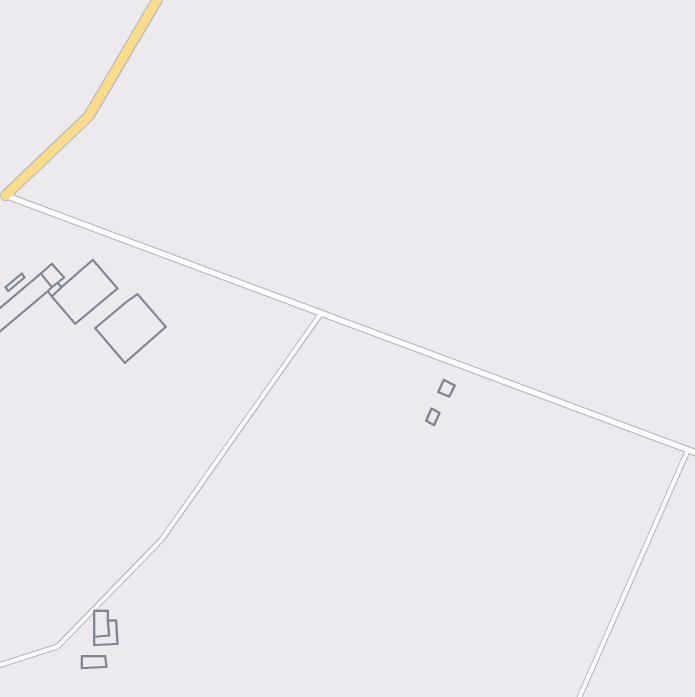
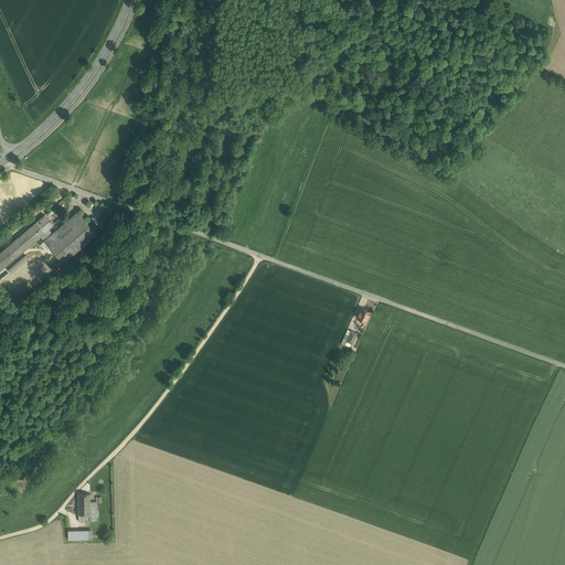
building: [95,294,166,363] -> none

